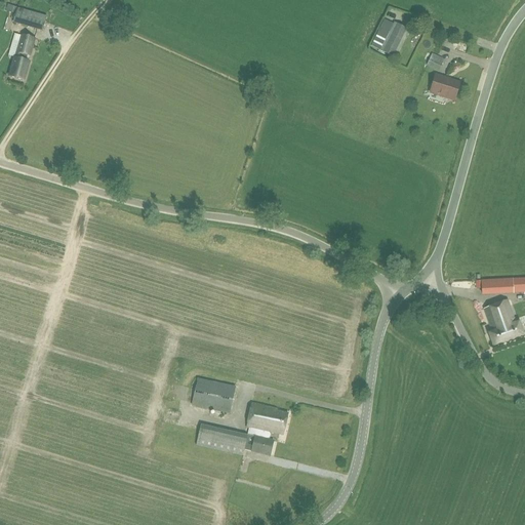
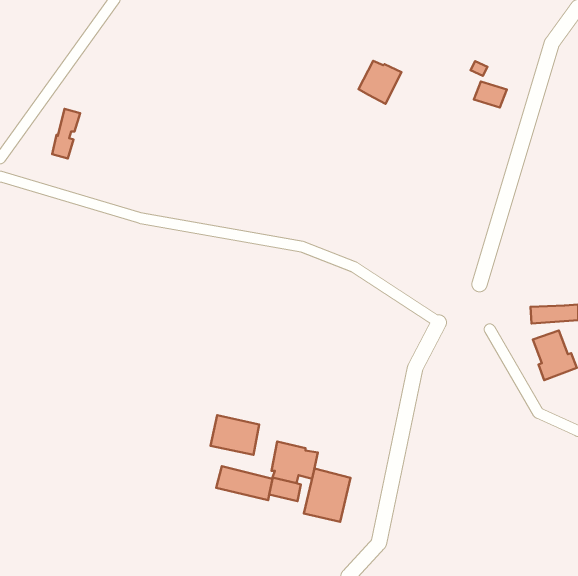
building: [12,6,46,29] -> none
building: [370,17,409,56] -> [358,61,401,104]
building: [9,33,35,78] -> [52,109,80,159]
building: none -> [304,469,350,522]

